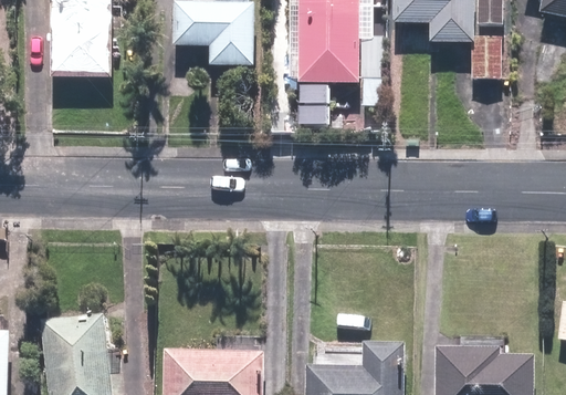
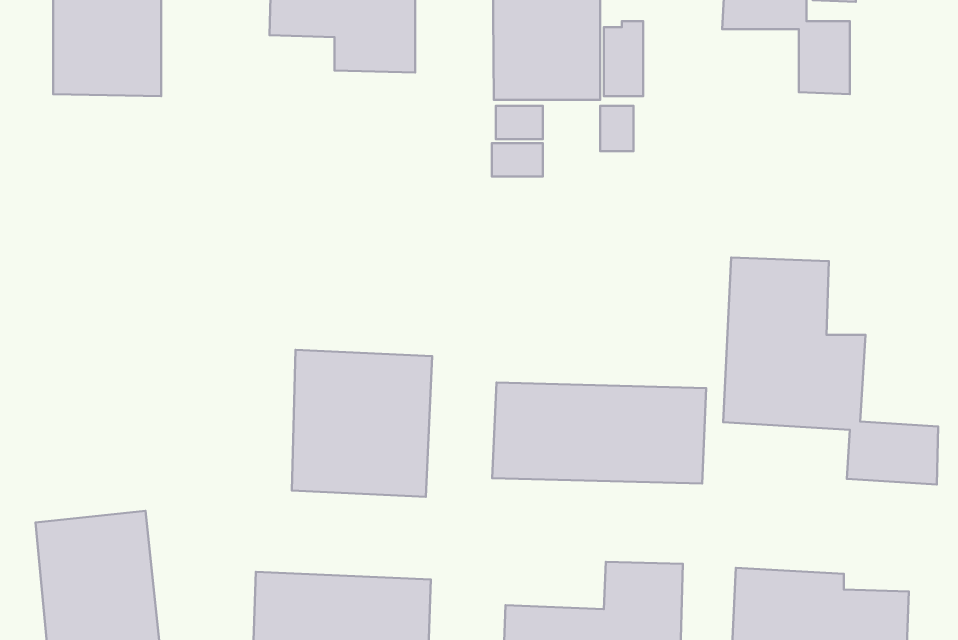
building: none -> [723,257,938,484]
building: none -> [292,350,432,497]
building: none -> [492,383,706,484]

